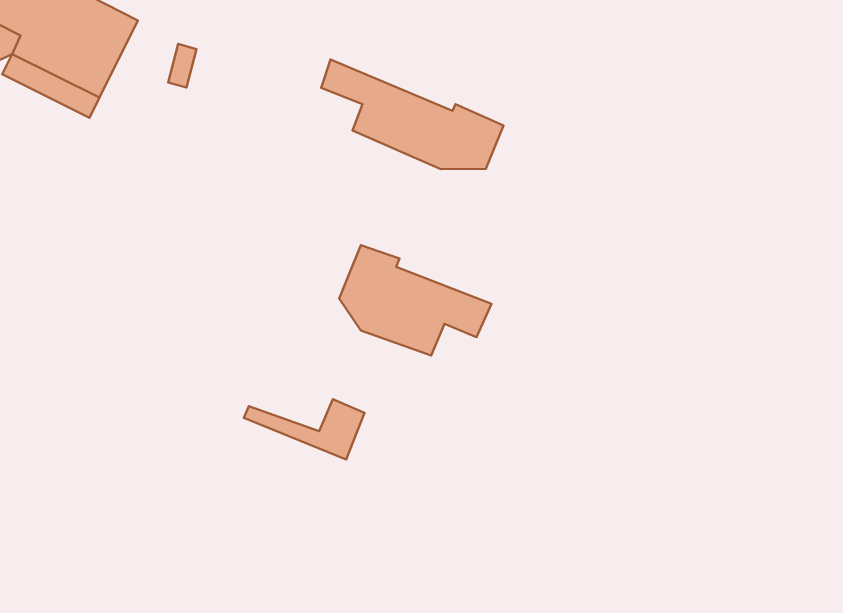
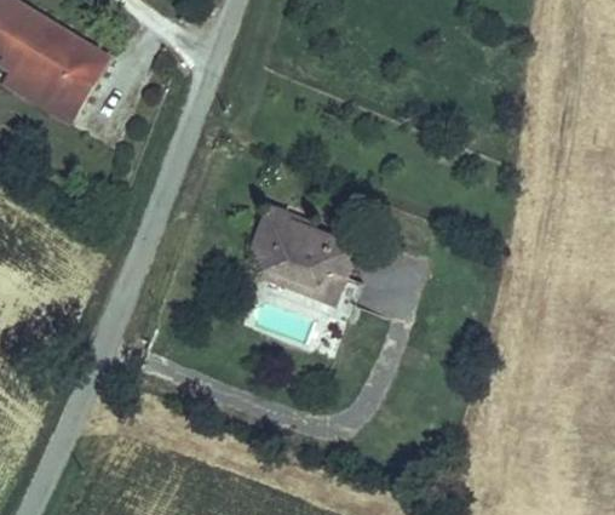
building: [321,60,504,169] -> none
building: [244,399,365,460] -> [261,264,349,308]

